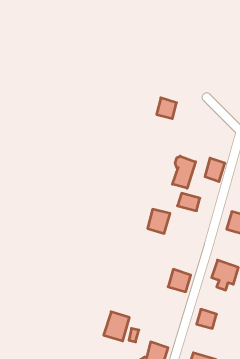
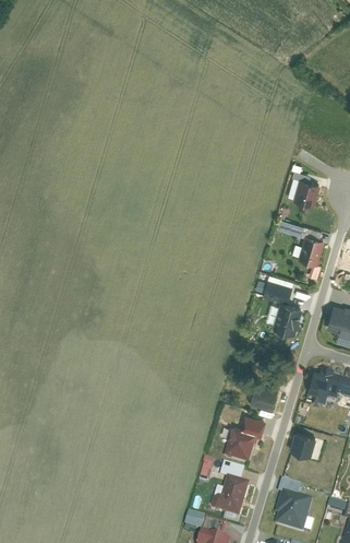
building: [157,98,177,119] -> [294,179,321,206]
building: [172,156,196,188] -> none
building: [148,209,170,233] -> [274,304,303,335]
building: [104,312,129,341] -> [225,426,258,464]

